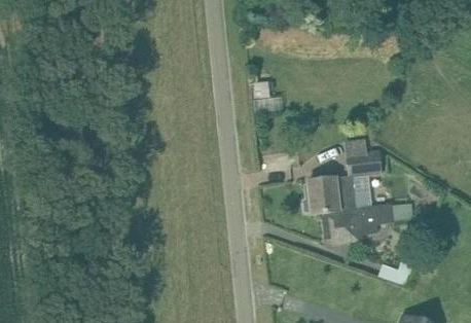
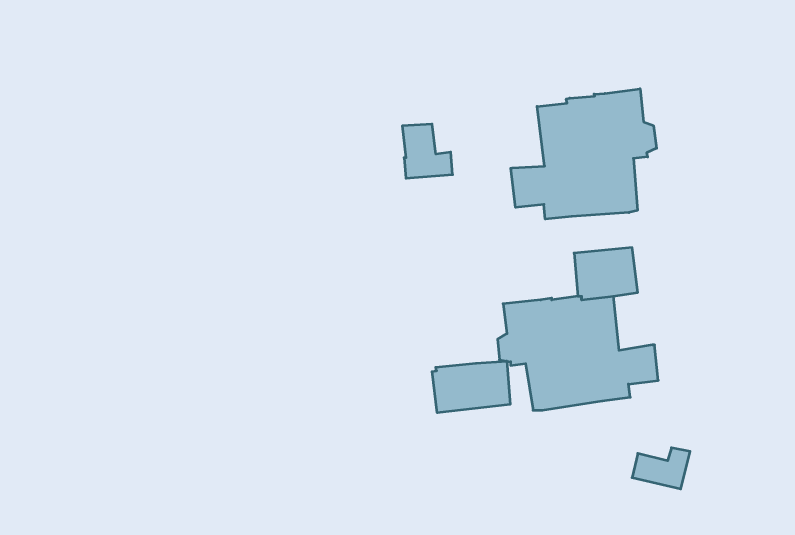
building: none -> [511,89,657,219]
building: none -> [432,361,510,413]

